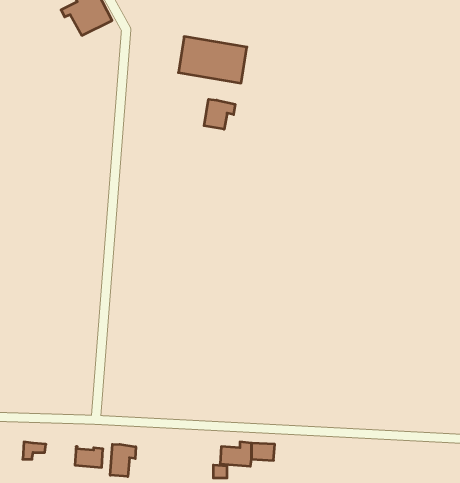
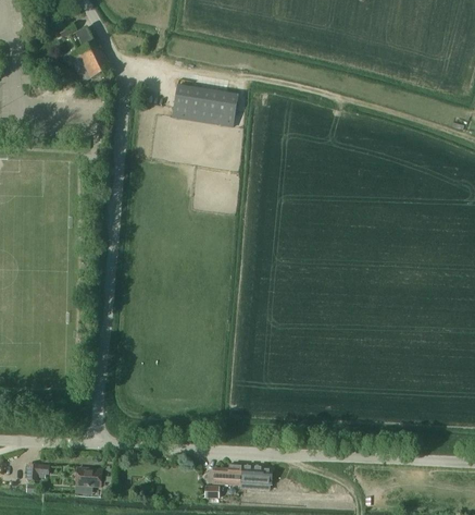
building: [204,99,235,129] -> none
building: [110,444,136,477] -> none

